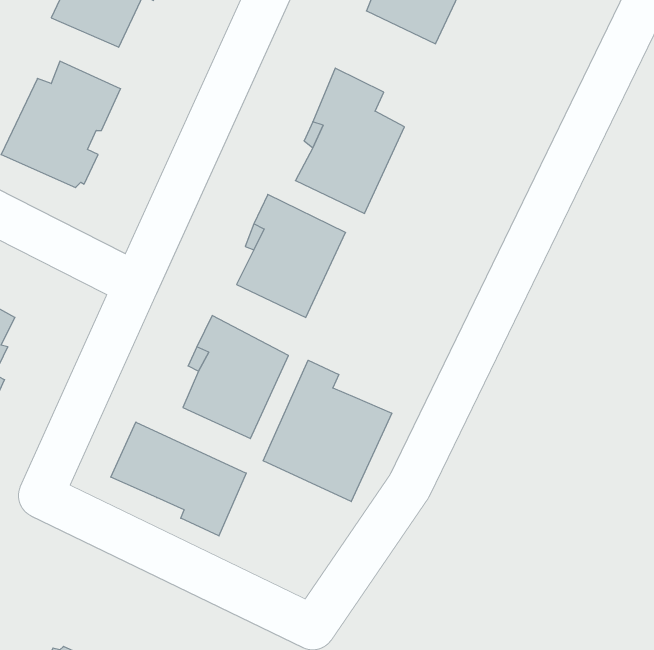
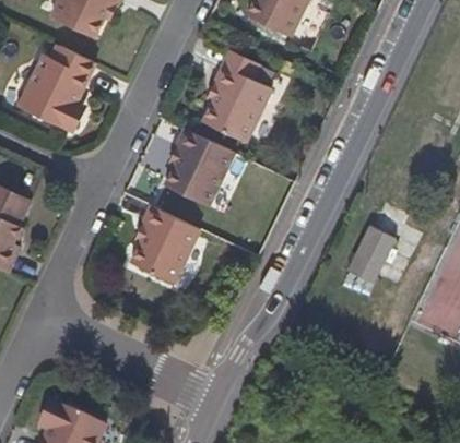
building: none -> [349,226,398,285]
building: [263,360,392,502] -> none
building: [111,422,246,536] -> none

